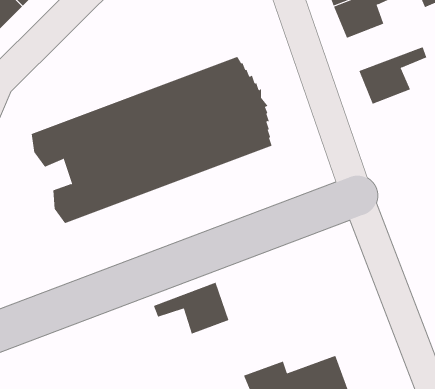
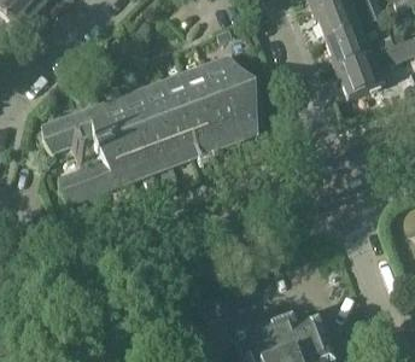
building: none -> [327,24,396,66]
building: [153,282,229,334] -> none

